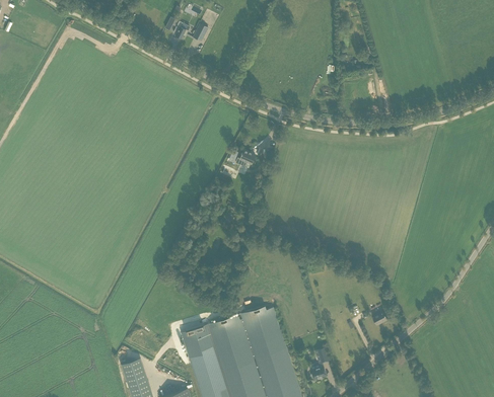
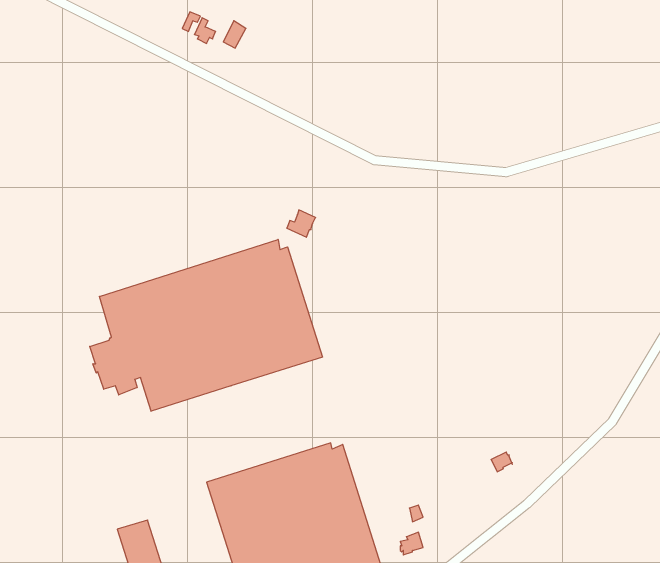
building: none -> [90,239,322,411]

